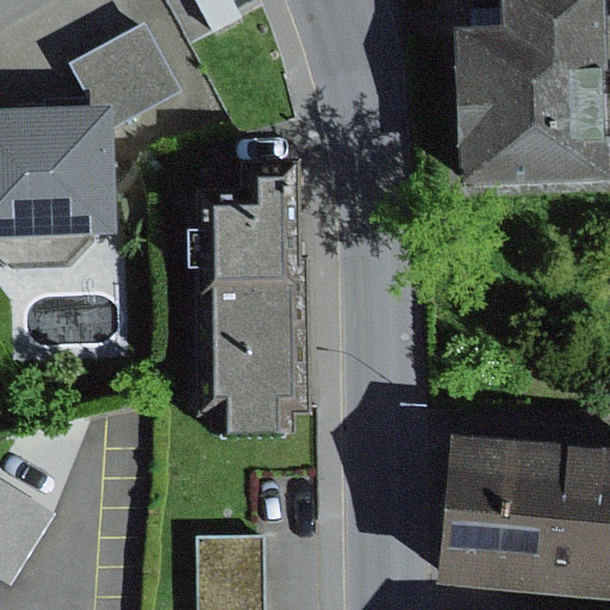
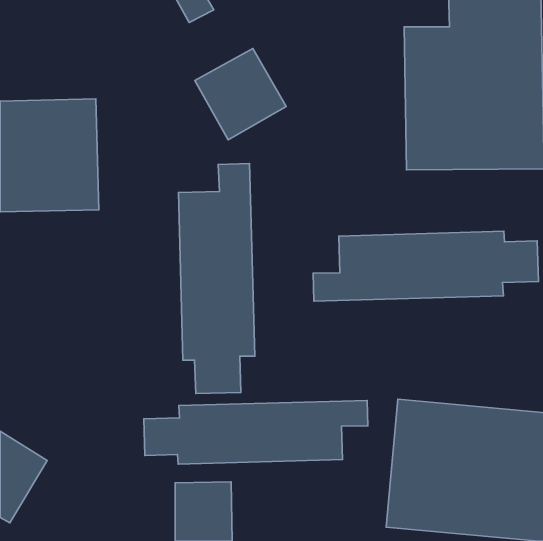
building: [86,19,187,120] -> [195,48,286,140]
building: none -> [313,231,539,301]
building: none -> [144,400,368,464]

